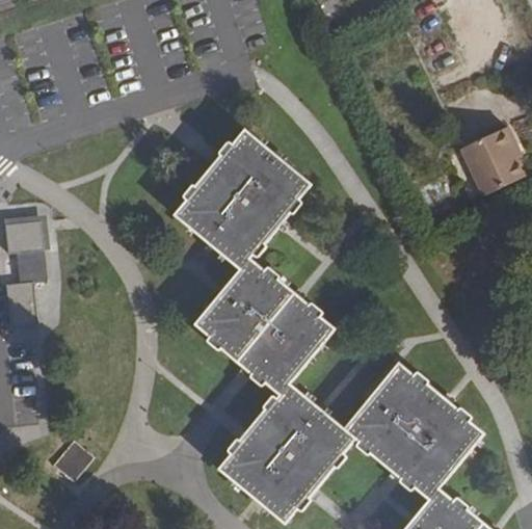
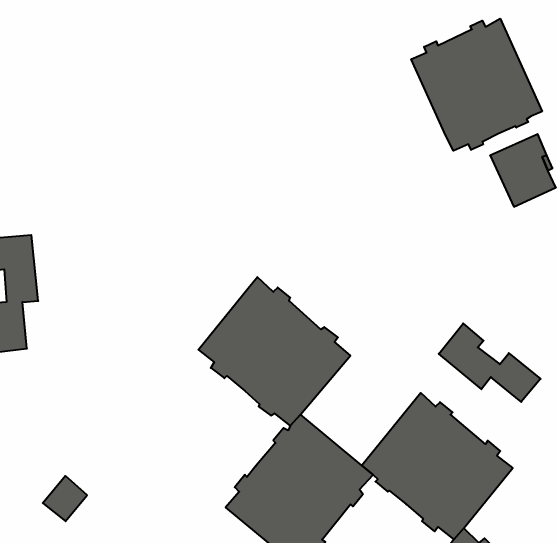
building: none -> [411,19,542,151]
building: [176,131,309,268] -> none
building: none -> [439,323,541,402]

